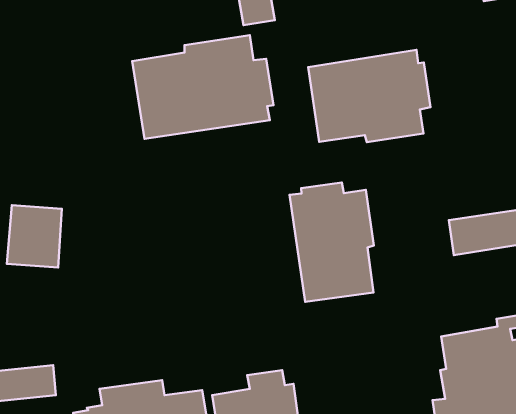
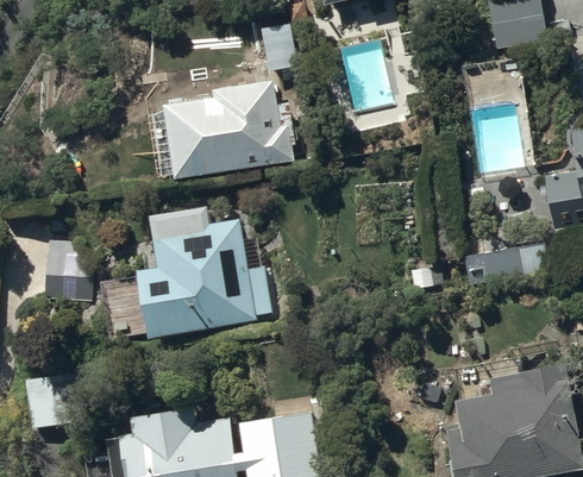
building: [308,50,430,142] -> none
building: none -> [102,206,272,337]
building: [289,183,374,302] -> none

